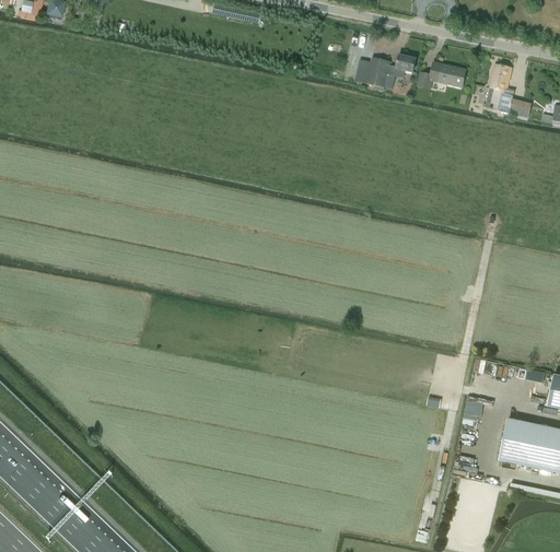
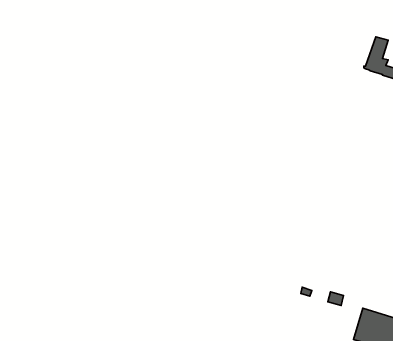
building: [366,54,416,87] -> none
building: [418,61,466,87] -> none

